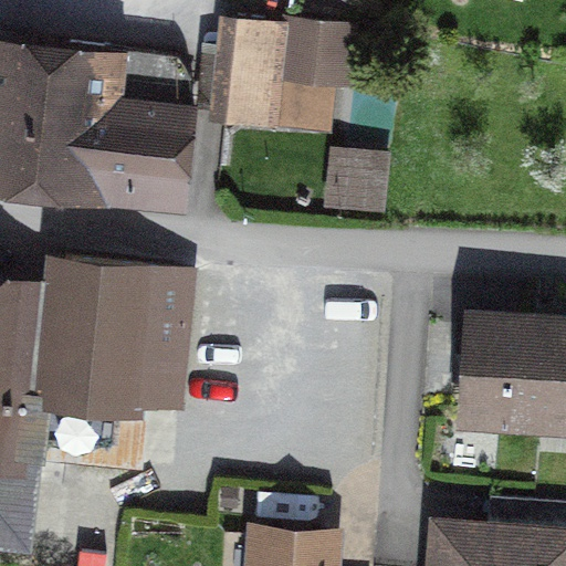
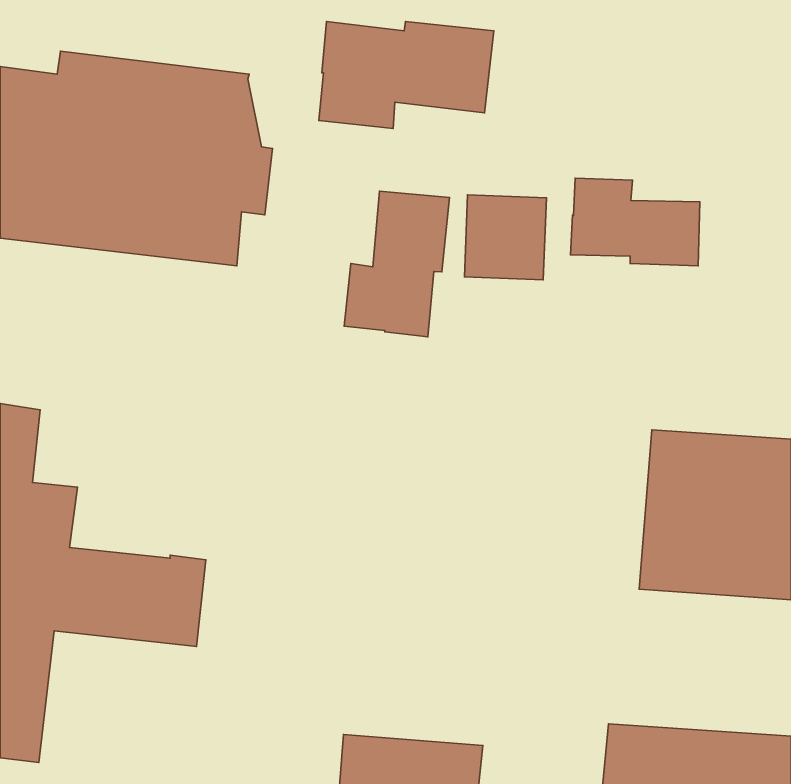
building: none -> [570,178,700,266]
building: none -> [344,191,449,337]
building: [50,258,193,408] -> none

